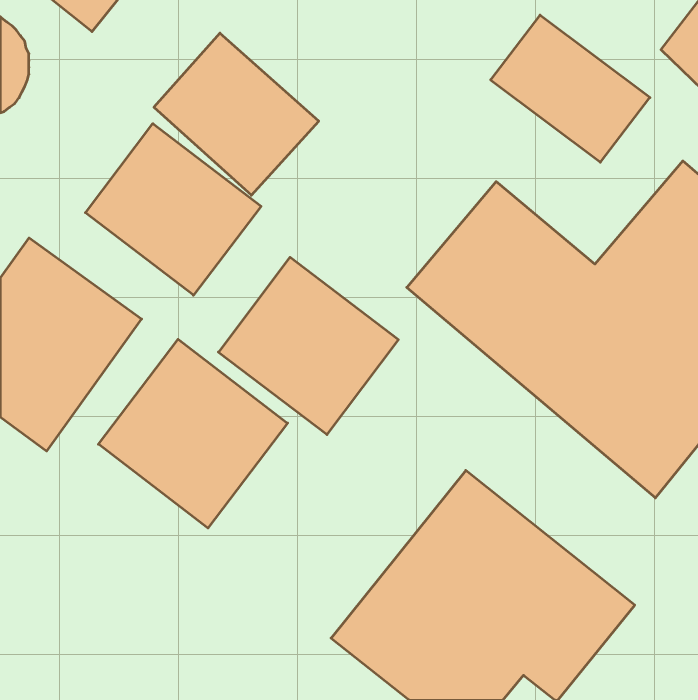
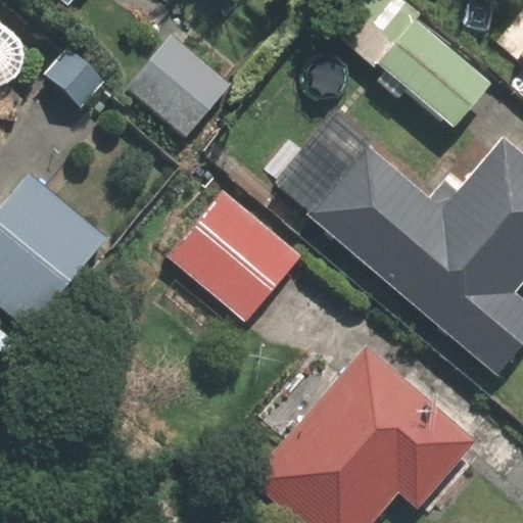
building: [85,124,261,295] -> none
building: [98,339,288,528] -> none

